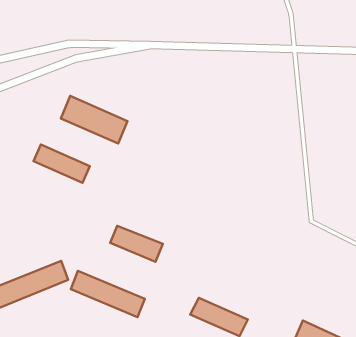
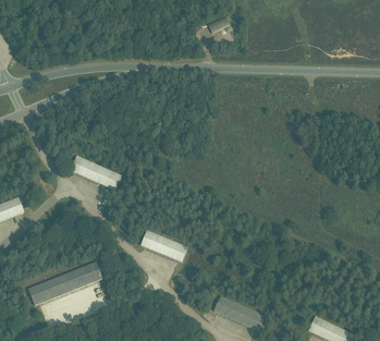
building: [61,96,128,144] -> none
building: [71,271,145,317] -> none

